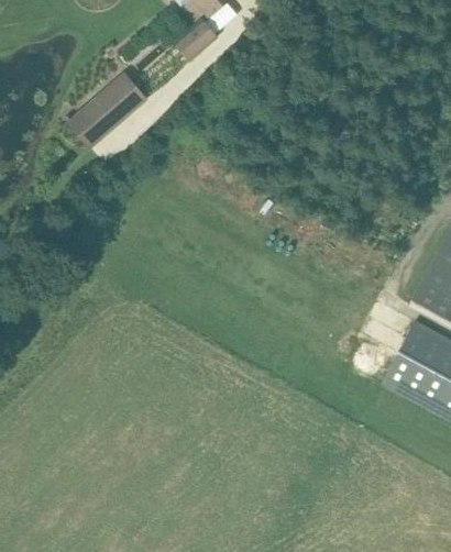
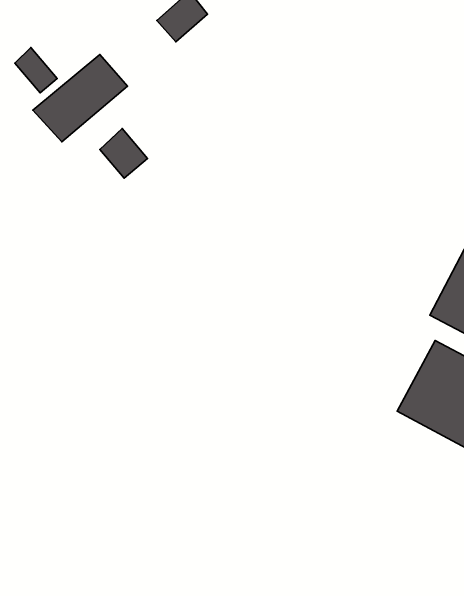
building: none -> [15,47,57,93]
building: none -> [100,129,147,178]

